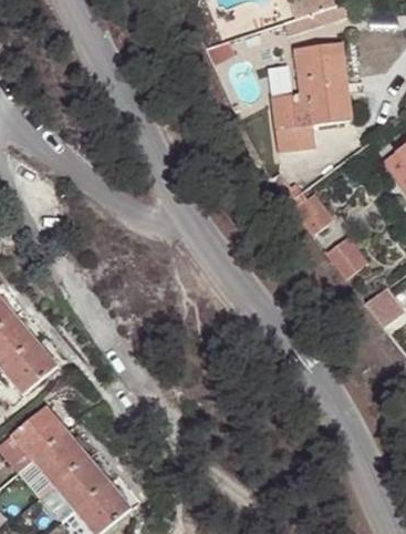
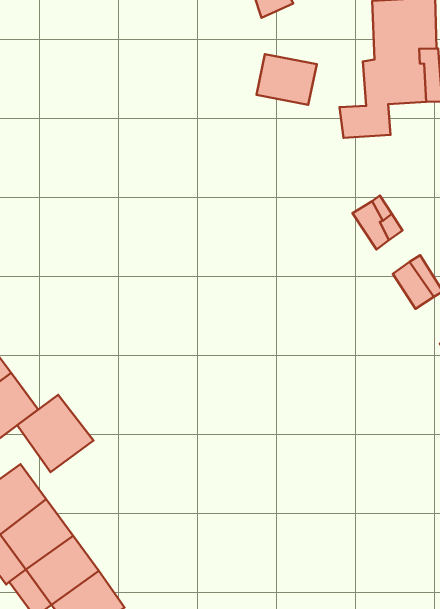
building: none -> [256,54,317,105]
building: none -> [17,395,93,472]

